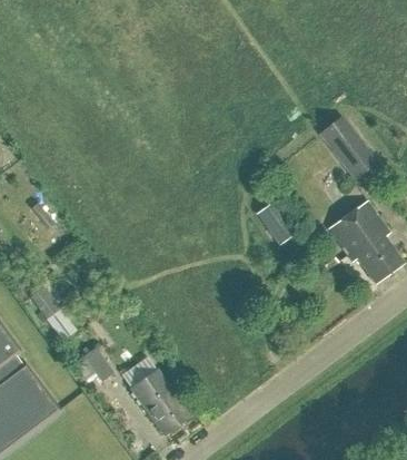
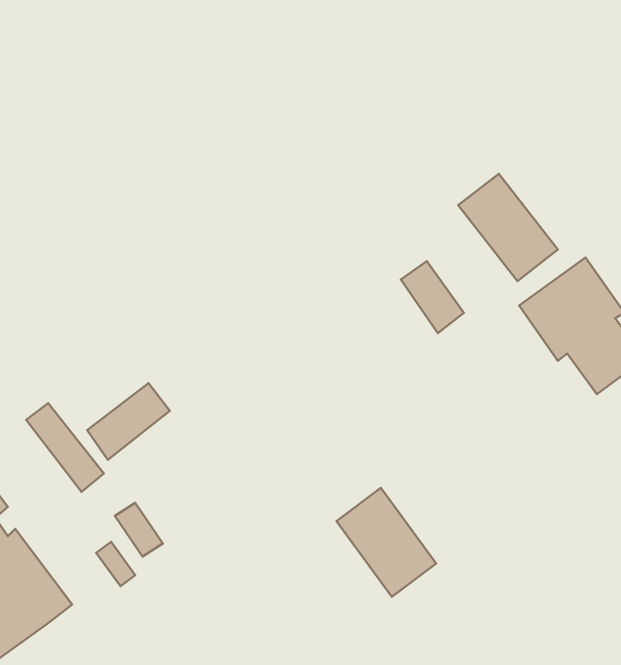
building: [318,116,378,180] -> [458,174,558,281]
building: none -> [87,383,170,460]
building: [130,369,190,434] -> [337,488,436,597]

